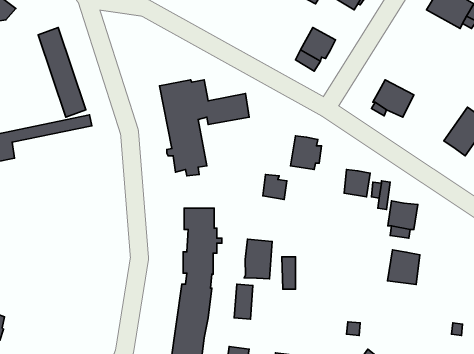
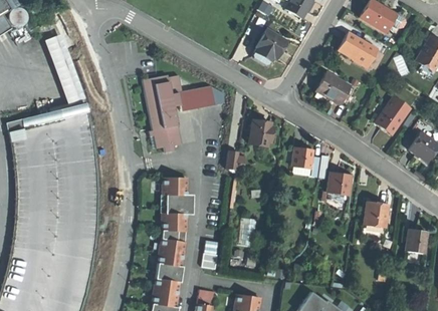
building: none -> [338,33,376,66]
building: [244,239,272,279] -> none
building: [387,250,420,285] -> [363,200,389,228]

